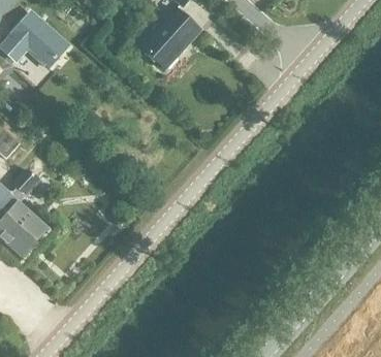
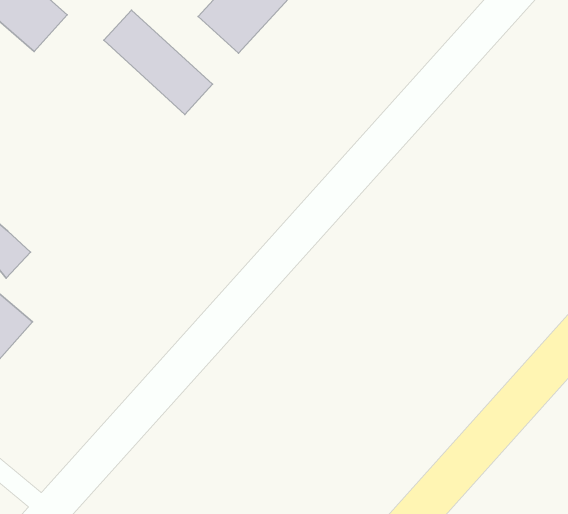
building: none -> [104,10,213,114]

